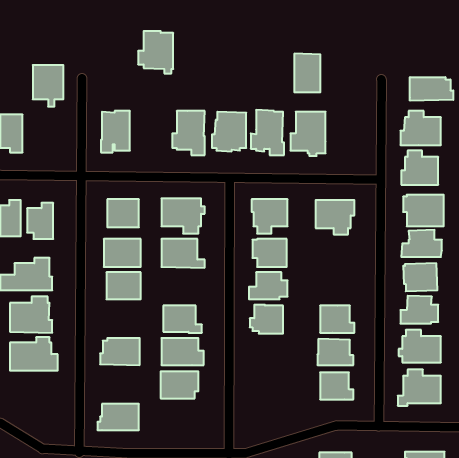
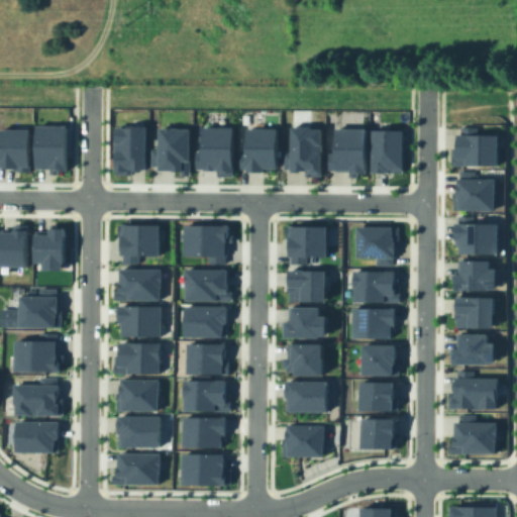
building: [138,31,173,73] -> [150,128,190,176]
building: [294,54,320,92] -> [371,129,400,173]
building: [33,65,63,107] -> [33,129,68,176]
building: [410,77,453,101] -> none
building: none -> [352,272,399,304]
building: none -> [182,308,227,338]
building: none -> [351,310,395,339]
building: none -> [118,344,162,377]
building: none -> [283,382,327,413]
building: none -> [113,418,159,449]
building: none -> [14,423,57,453]
building: none -> [282,427,324,458]
building: none -> [181,455,230,487]

